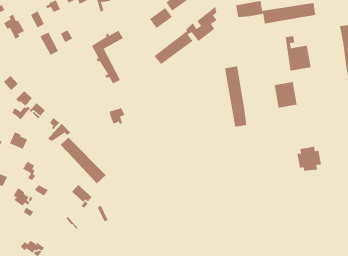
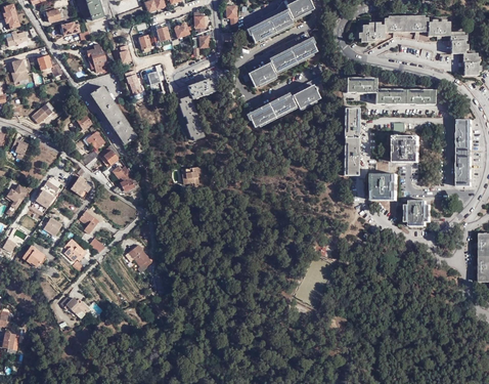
building: [224,66,247,127] -> [344,106,359,174]
building: [60,137,106,184] -> [90,88,136,146]
building: [297,146,322,171] -> [404,200,430,226]

